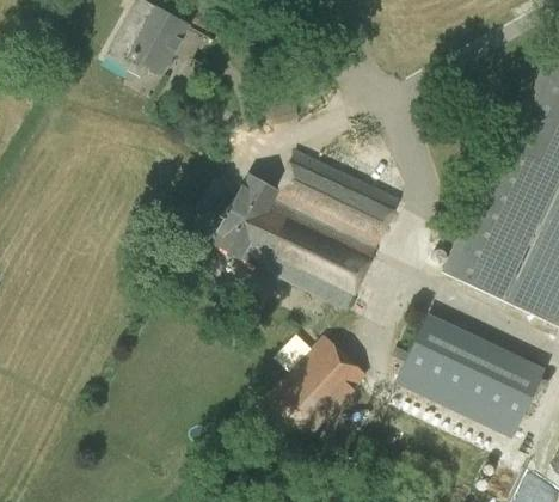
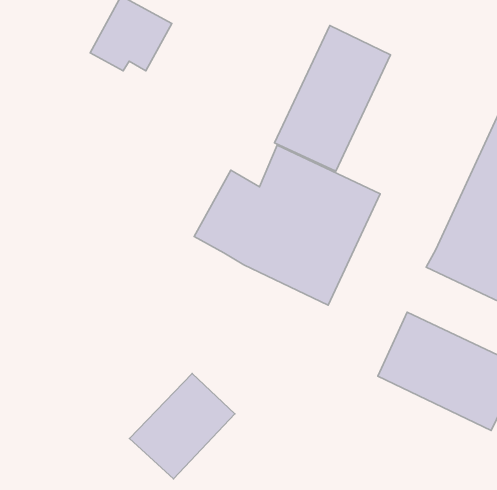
building: none -> [275,25,390,171]
building: [262,333,368,440] -> [130,374,235,479]

